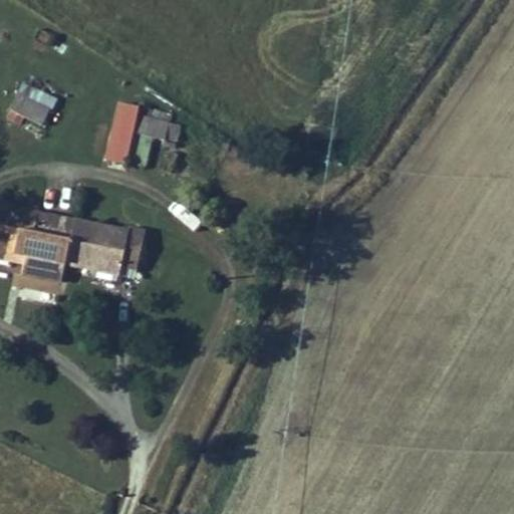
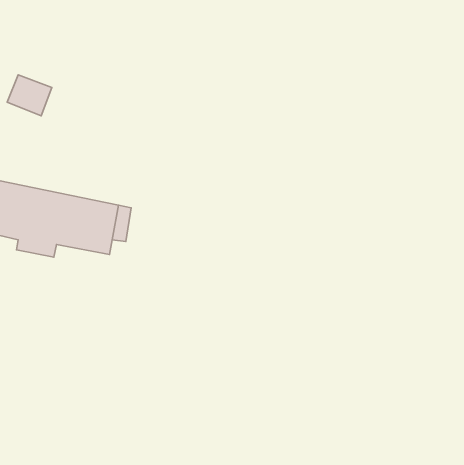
building: [102,103,140,168] -> none
building: [139,114,182,146] -> none

